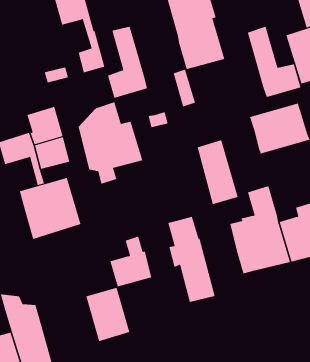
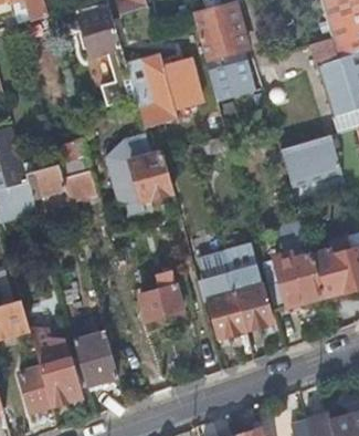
building: [247,26,301,98] -> none
building: none -> [163,60,201,110]
building: [197,139,238,205] -> [231,263,273,330]
building: [19,177,81,240] -> none
building: [85,287,130,342] -> [74,331,119,386]

